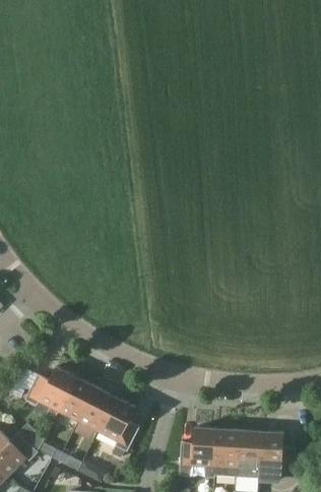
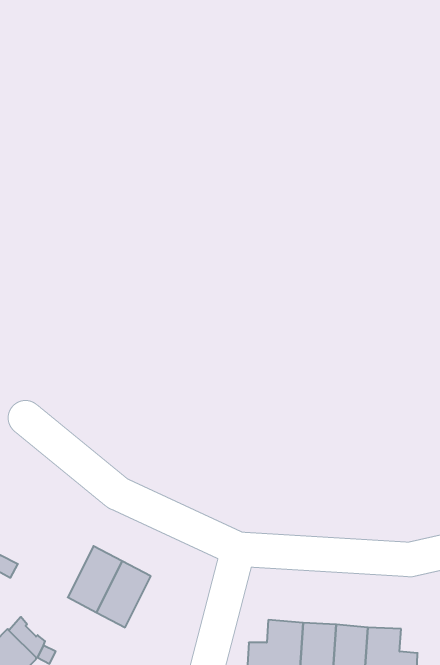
building: [25,367,77,421] -> none
building: [99,397,140,451] -> none

